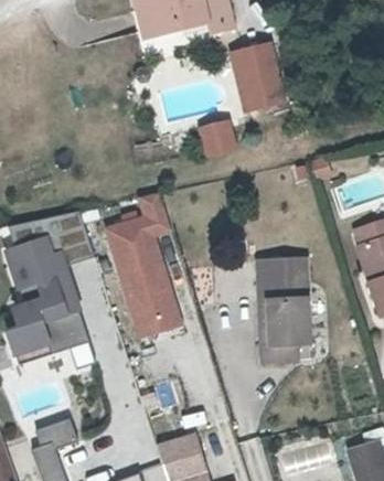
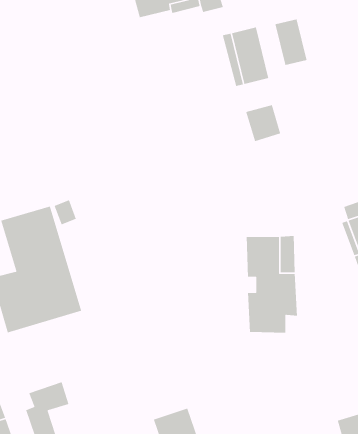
building: none -> [275,19,307,66]
building: [194,114,232,153] -> [245,104,281,142]
building: [102,204,180,334] -> none

